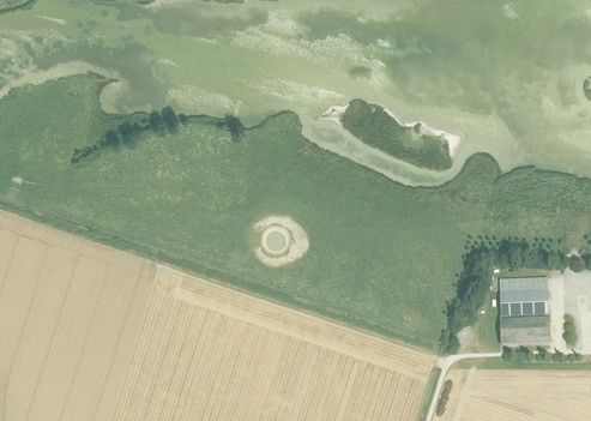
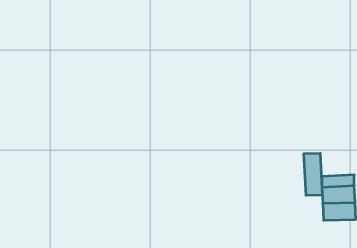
building: none -> [304,153,322,195]

